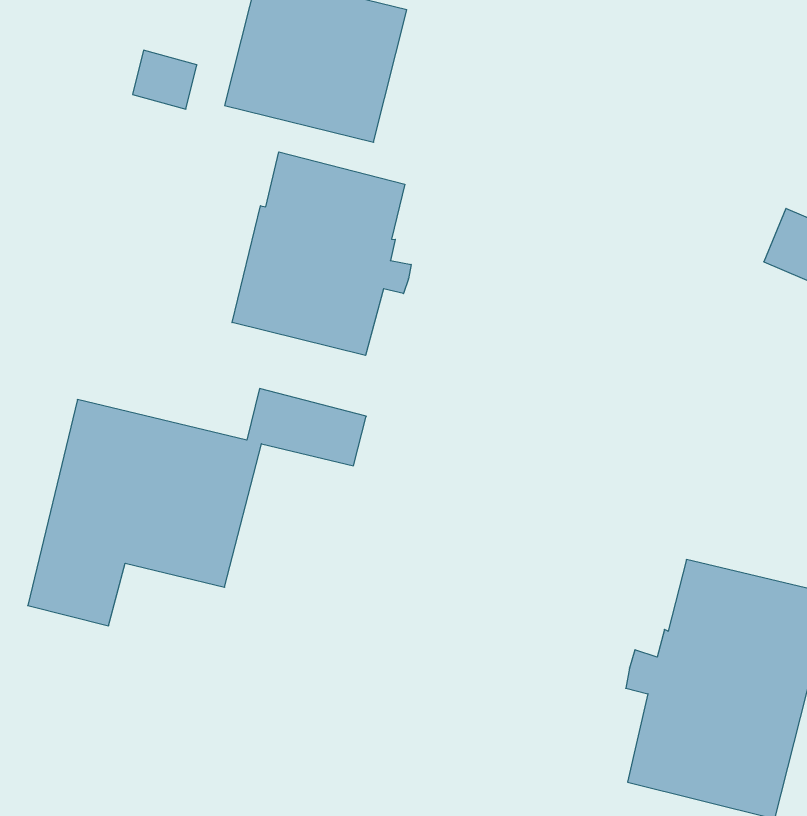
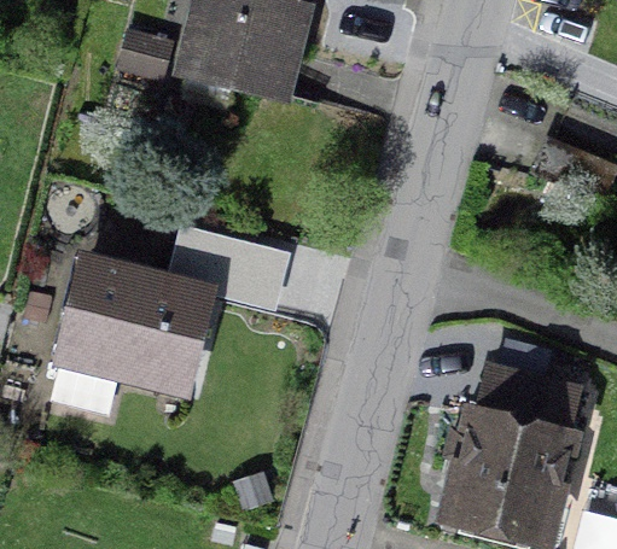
building: [232,152,411,355] -> none

